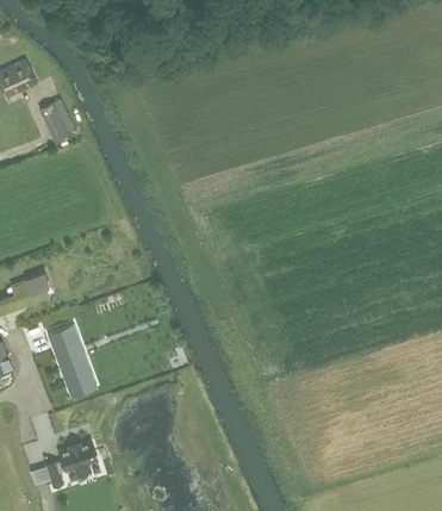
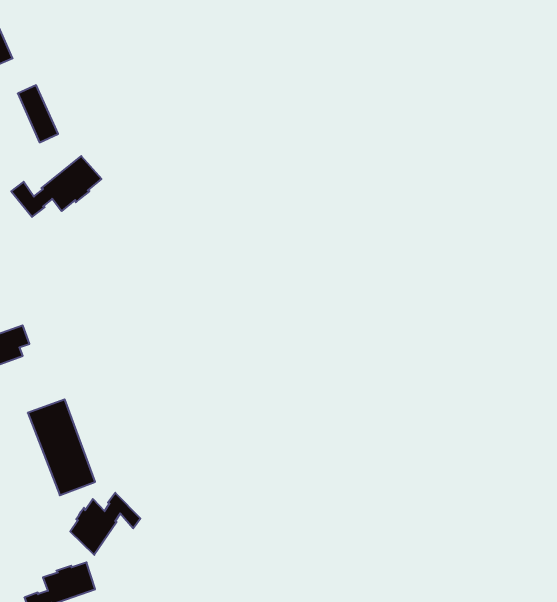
building: none -> [11,156,101,217]
building: none -> [70,493,140,555]

